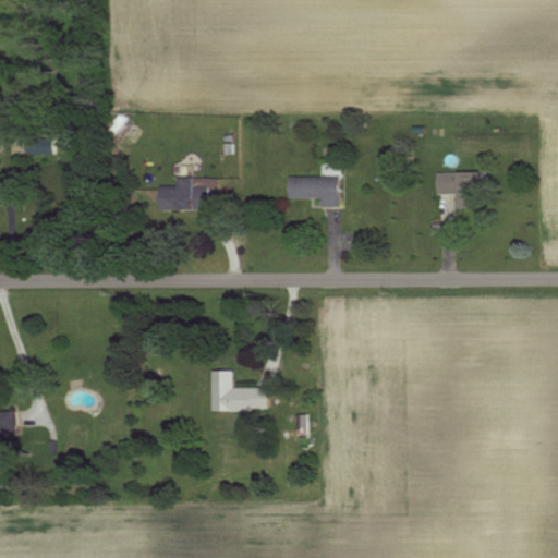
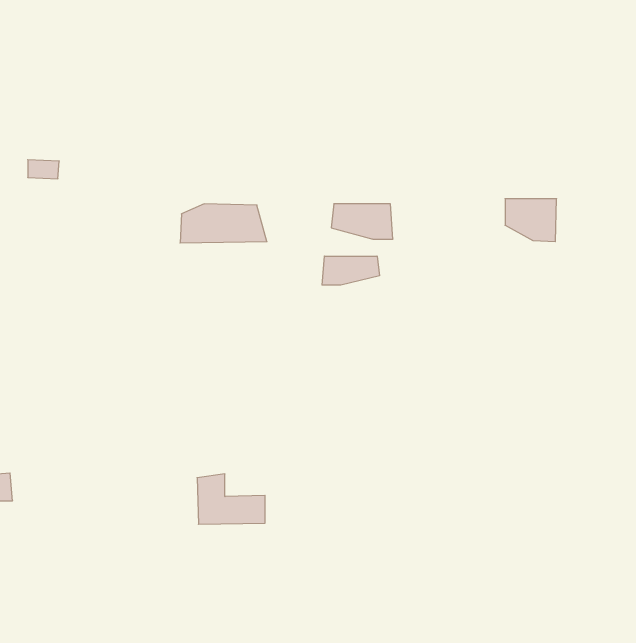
building: none -> [322,256,379,285]
building: [209,368,268,412] -> [197,474,265,524]

